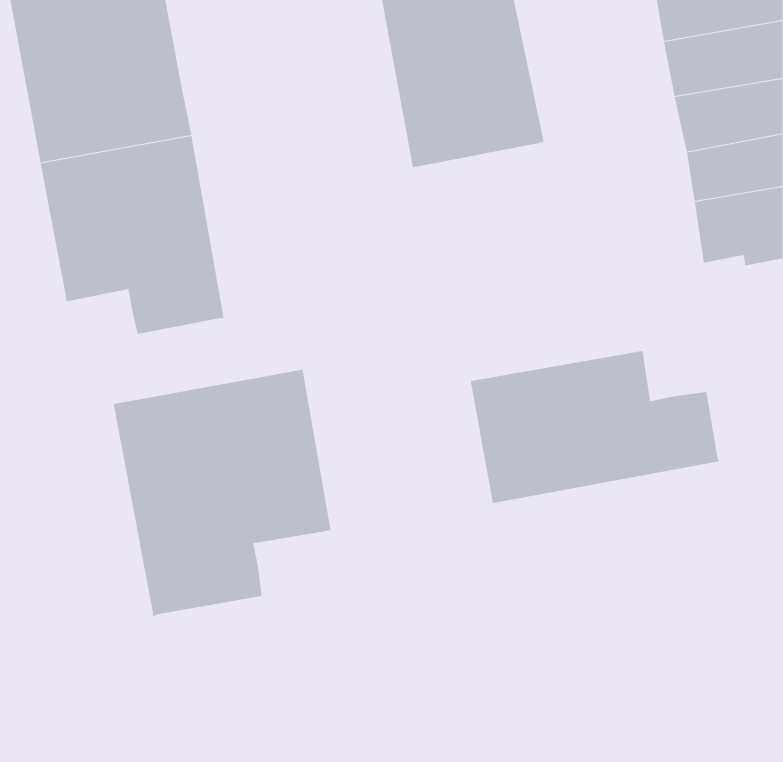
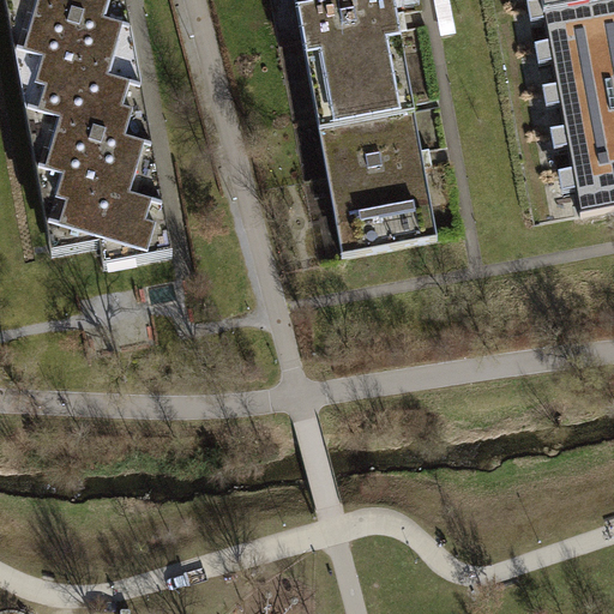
building: none -> [321,112,441,249]
building: [470,350,720,504] -> none
building: [113,369,331,617] -> none

